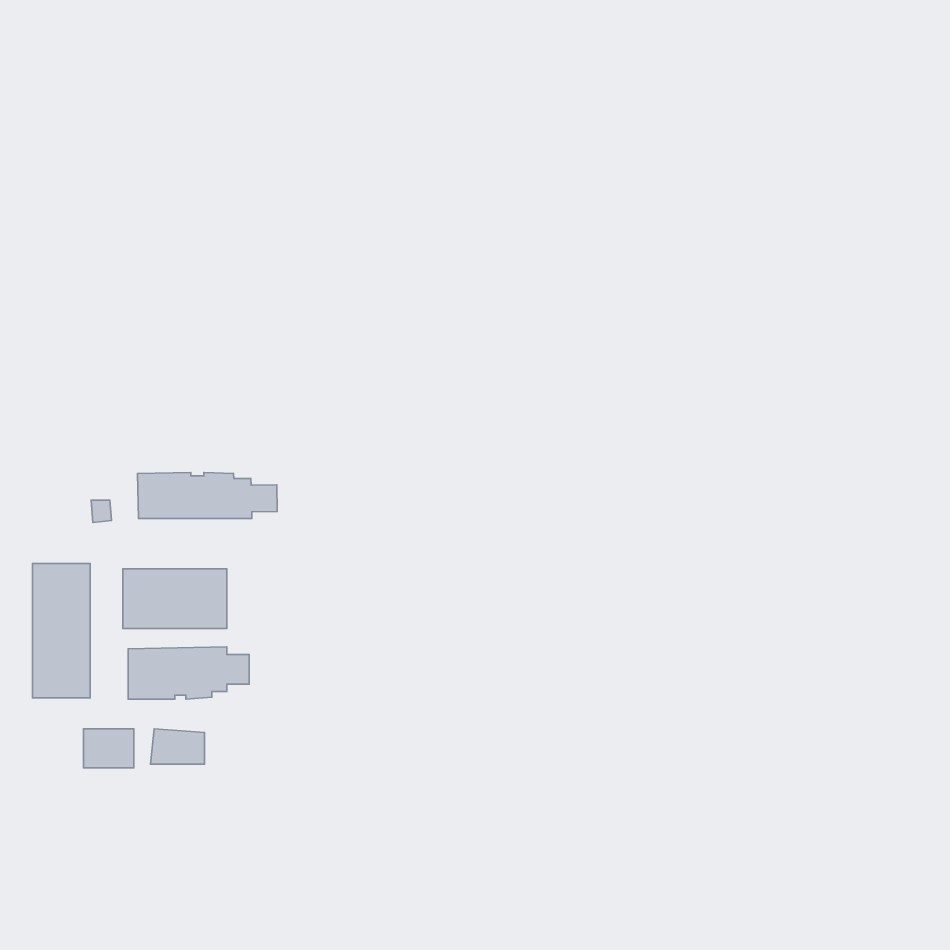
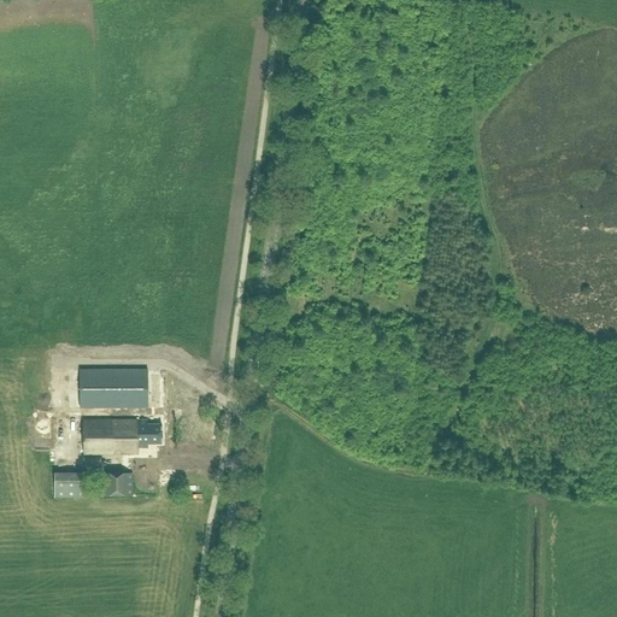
building: [137,472,277,519] -> none
building: [33,564,90,698] -> none

